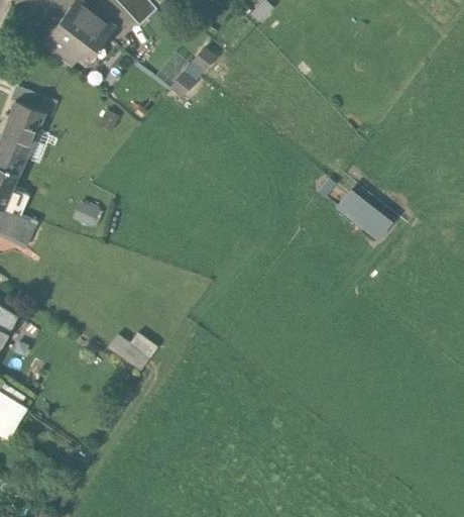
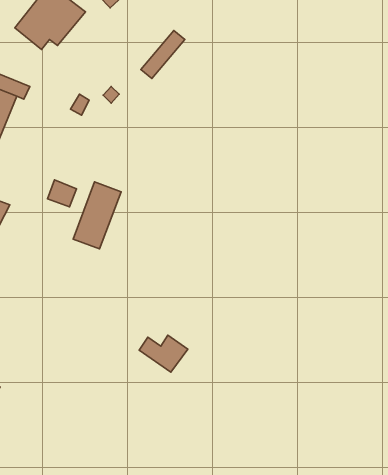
building: [336,189,392,239] -> none
building: none -> [73,182,121,249]
building: [108,333,157,371] -> [139,335,188,372]

